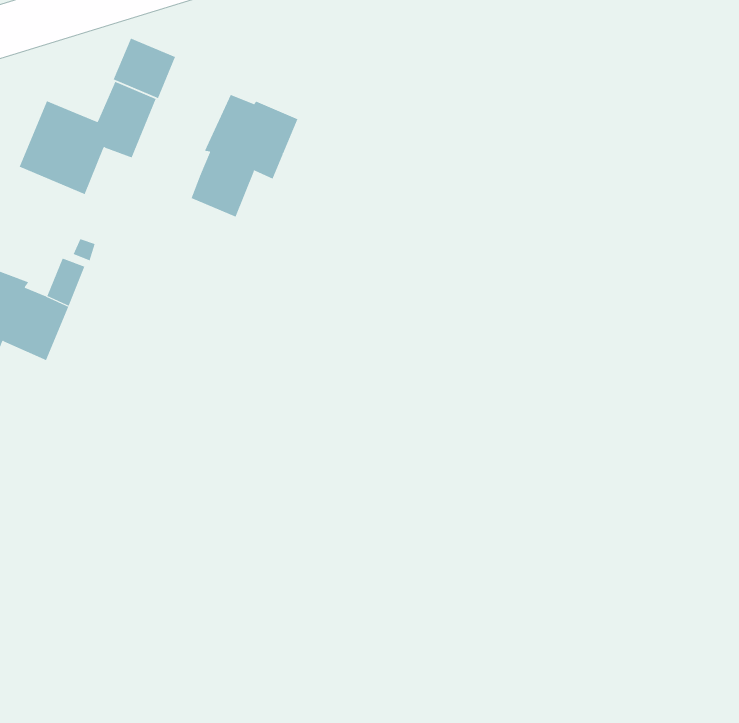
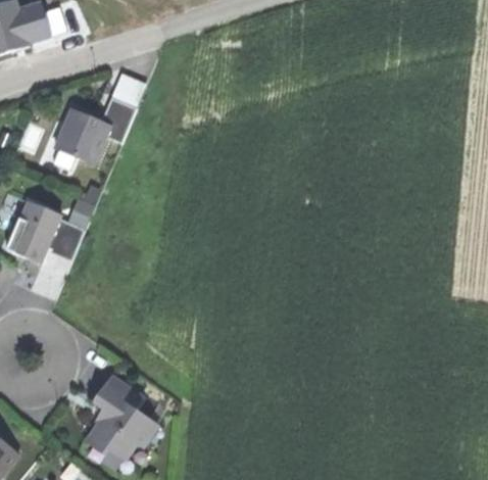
building: [191,94,298,217] -> none
building: none -> [85,374,155,458]

